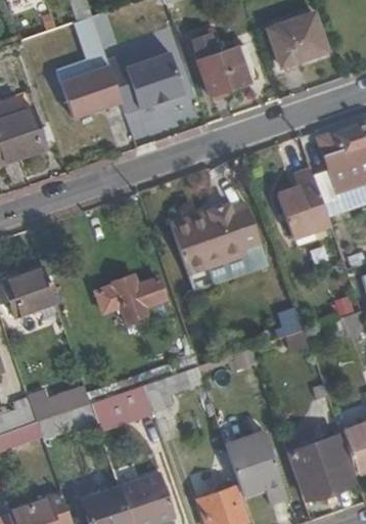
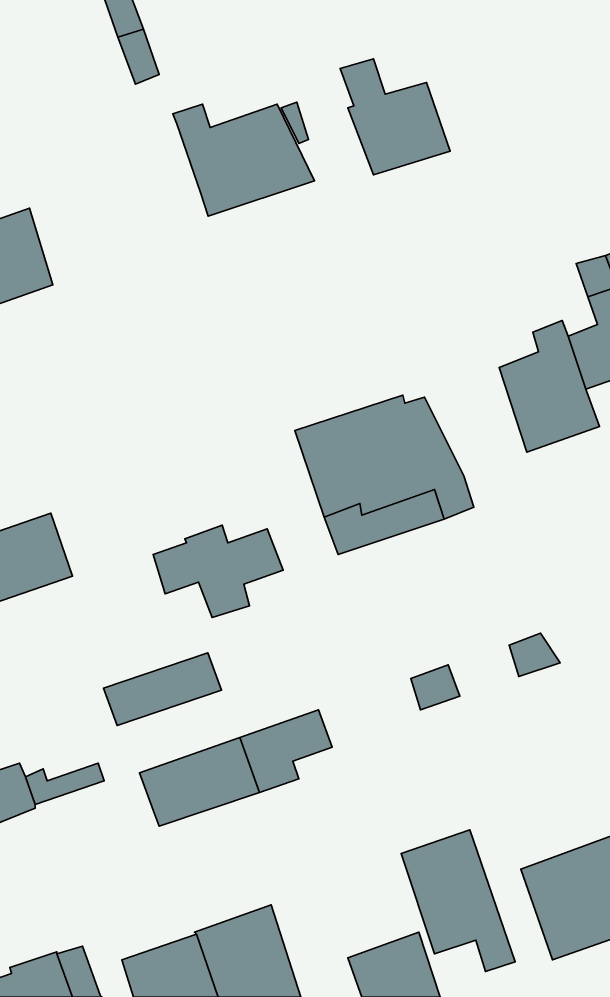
building: [269,10,327,62] -> none
building: [61,66,122,118] -> none
building: [36,403,97,441] -> [104,653,222,726]

